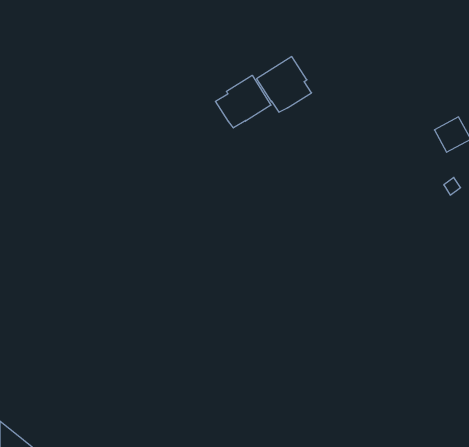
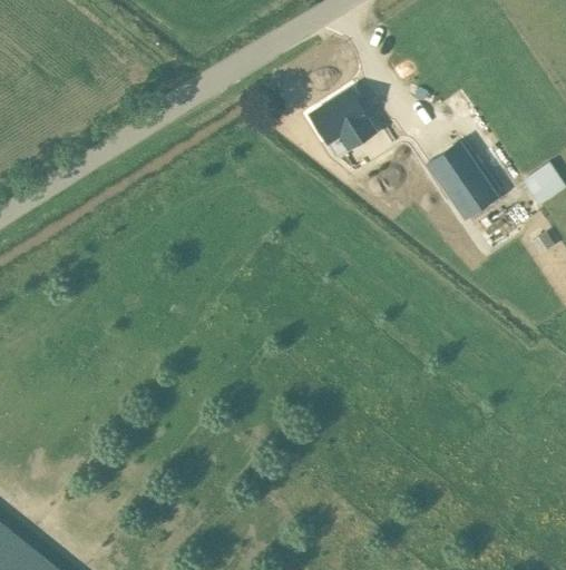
building: [215,75,271,128] -> none
building: none -> [429,144,497,219]

